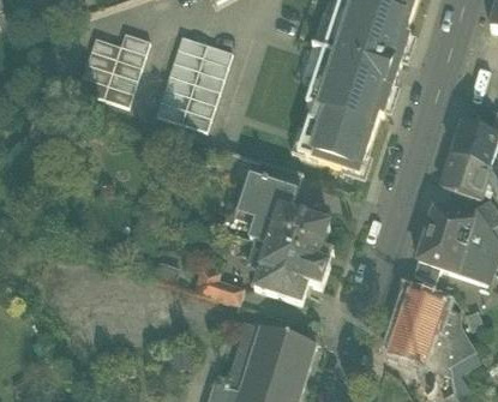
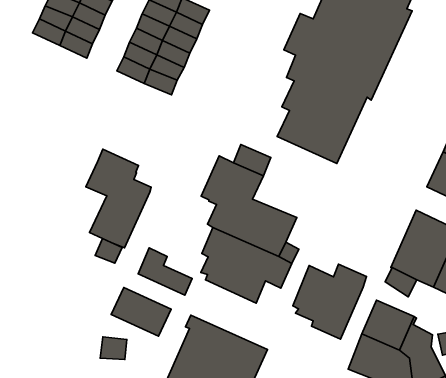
building: none -> [86,149,151,248]
building: none -> [293,264,367,339]
building: none -> [111,287,171,336]

